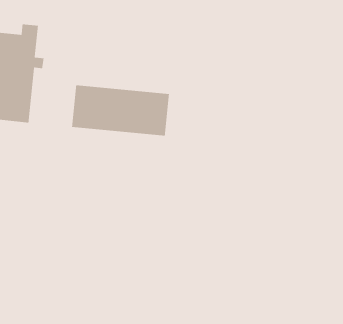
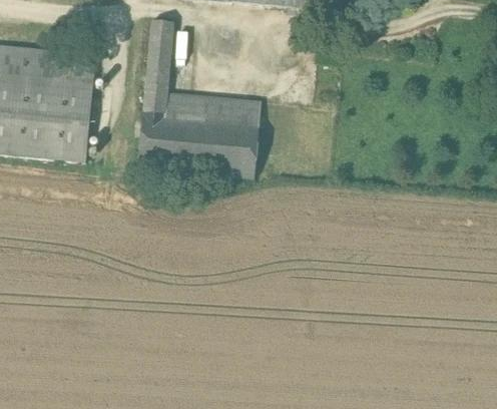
building: none -> [143,18,261,123]

